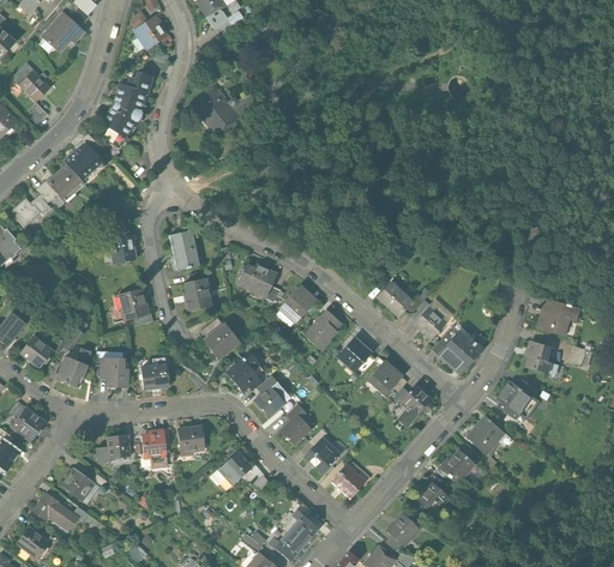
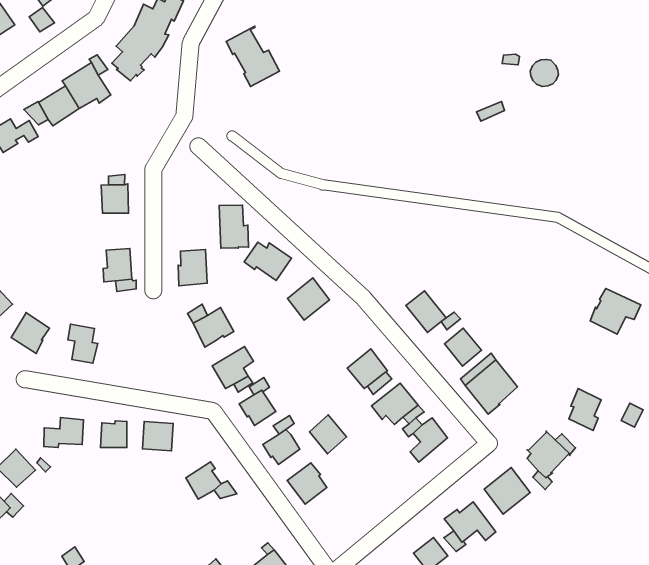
building: [169,231,199,270] -> [219,205,249,248]
building: [540,298,579,334] -> [590,289,641,334]
building: [305,309,342,343] -> none
building: [142,358,169,390] -> none
building: [332,465,363,497] -> [309,415,346,454]

